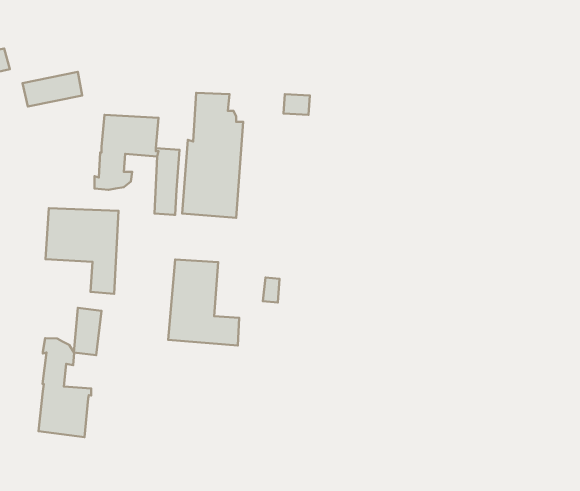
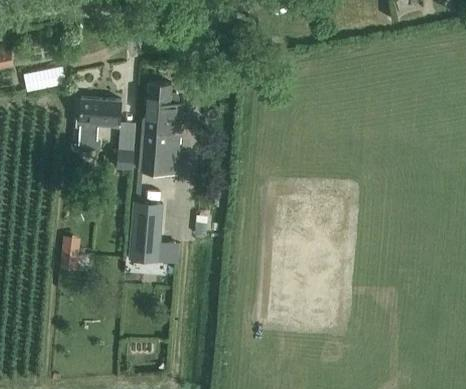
building: [46,208,118,294] -> none
building: [39,338,91,437] -> none

